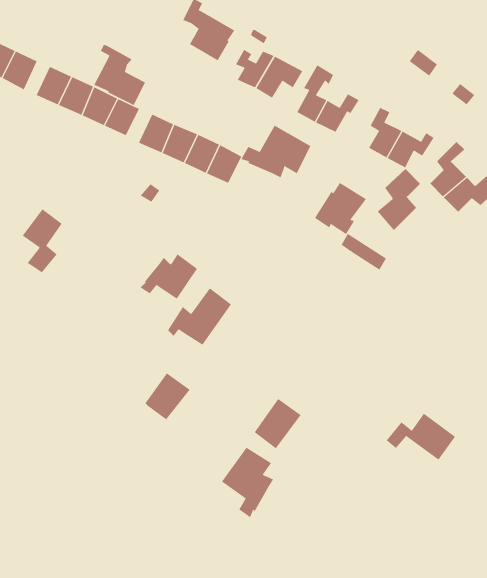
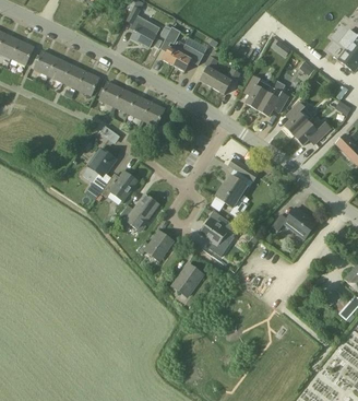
building: [93,44,146,106] -> none
building: [241,125,311,178] -> none
building: [377,168,421,231] -> none
building: [314,182,367,235] -> [214,175,248,209]
building: [22,208,63,273] -> [88,148,115,189]
building: none -> [200,217,228,256]
building: [144,373,190,420] -> [144,229,174,260]
building: [386,413,456,461] -> [272,207,317,237]
building: [221,447,274,518] -> none

